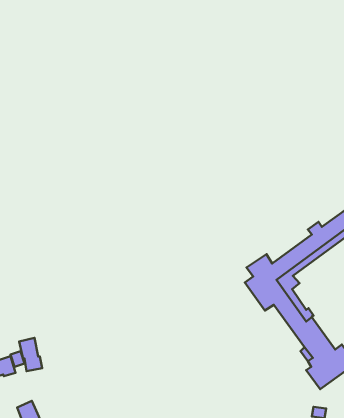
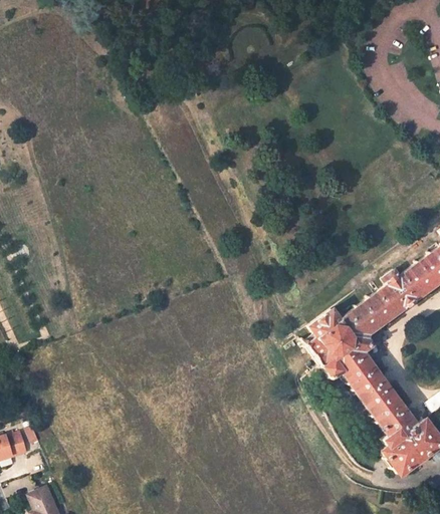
building: [19,338,42,371] -> none

